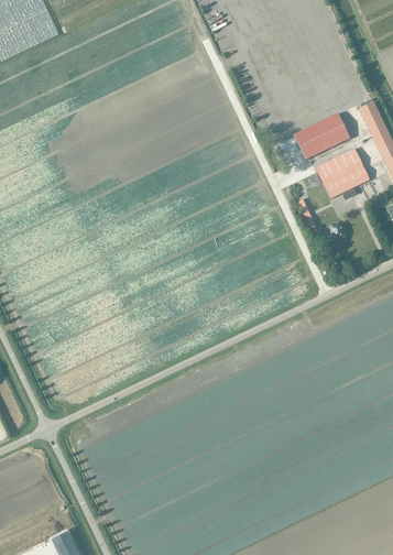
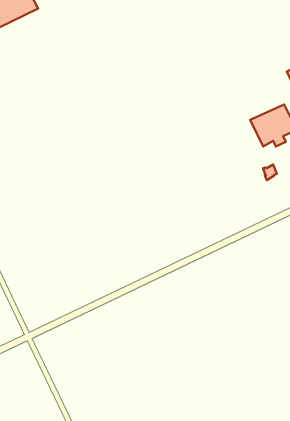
building: [293,112,349,159] -> none

